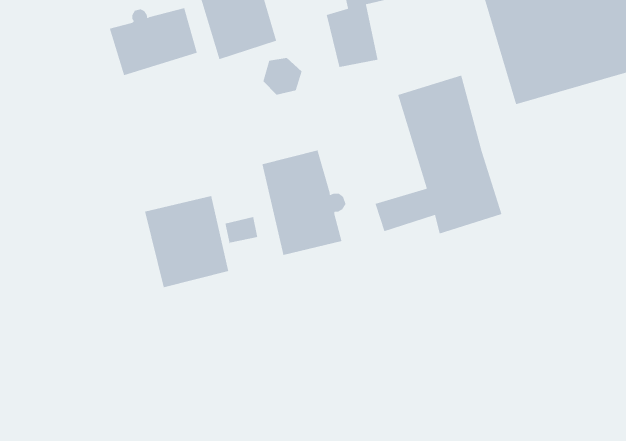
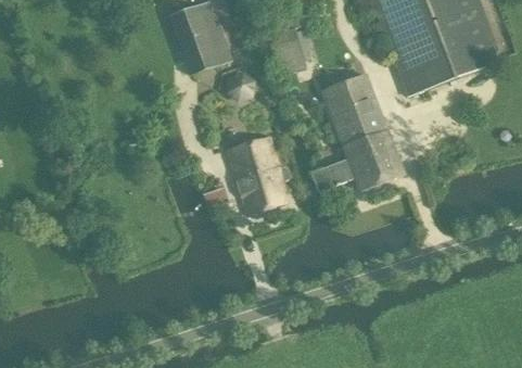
building: [109,7,198,76] -> none
building: [144,195,229,288] -> none

